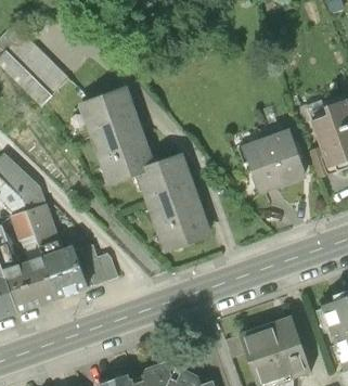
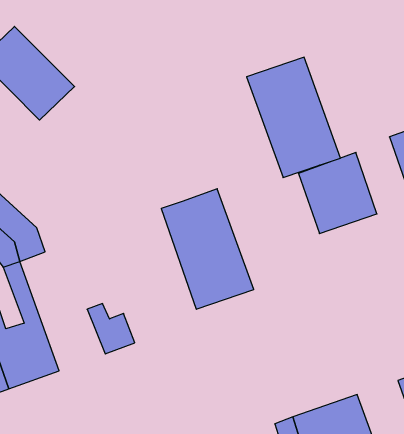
building: [80,88,153,181] -> [247,57,340,178]
building: [27,205,88,297] -> none

